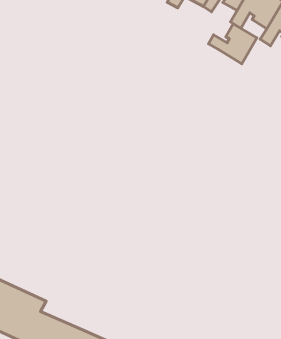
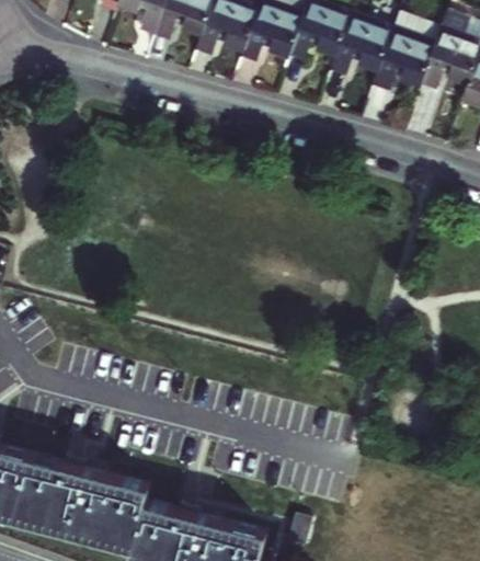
building: [209,24,257,64] -> none

